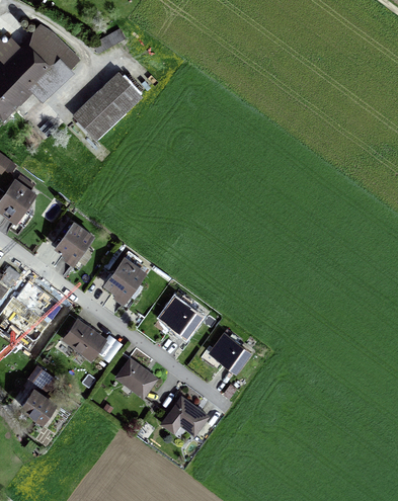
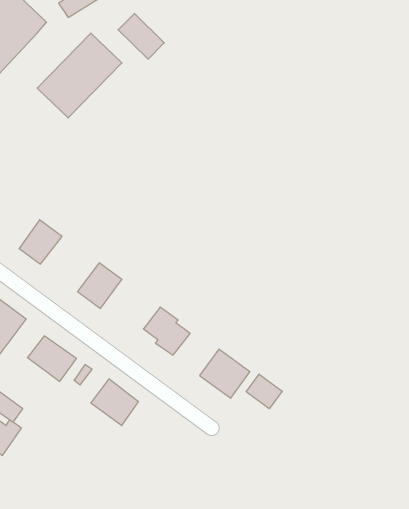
building: none -> [118,13,164,59]
building: none -> [246,374,282,409]
building: [162,399,207,439] -> none

